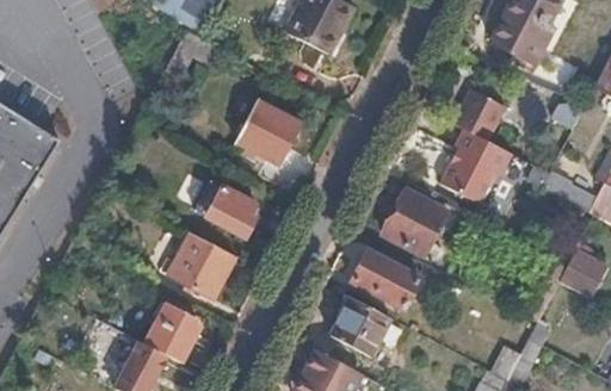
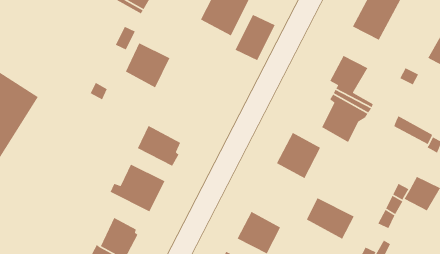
building: none -> [234,14,276,61]
building: [234,103,296,166] -> [125,42,170,89]
building: [354,250,421,309] -> [306,197,355,240]

